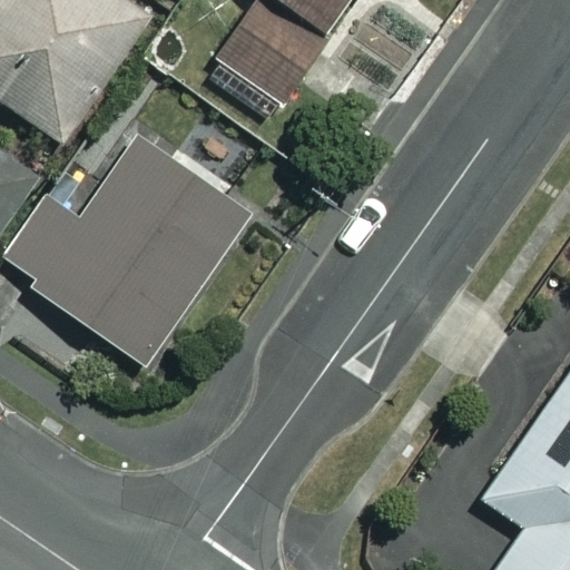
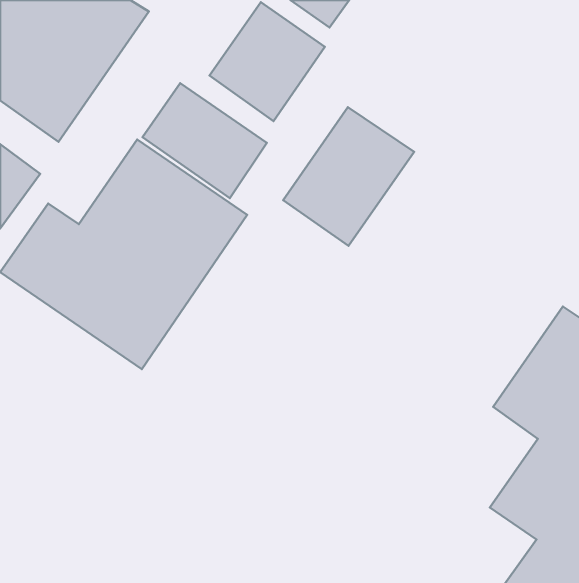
building: none -> [143,83,267,198]
building: none -> [283,107,414,246]

